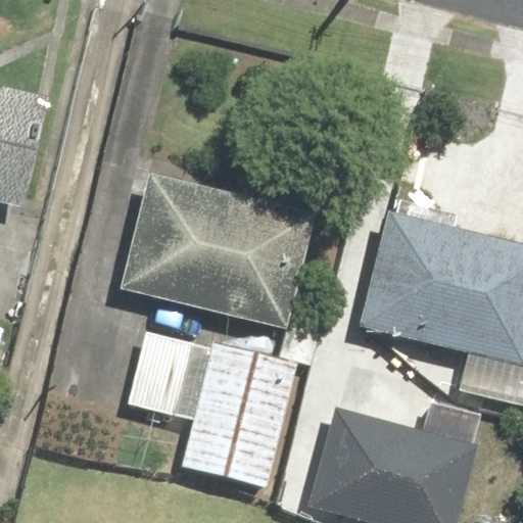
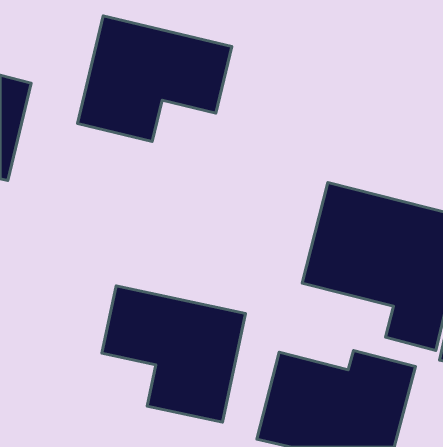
building: none -> [77,16,232,142]
building: [118,173,313,329] -> none

